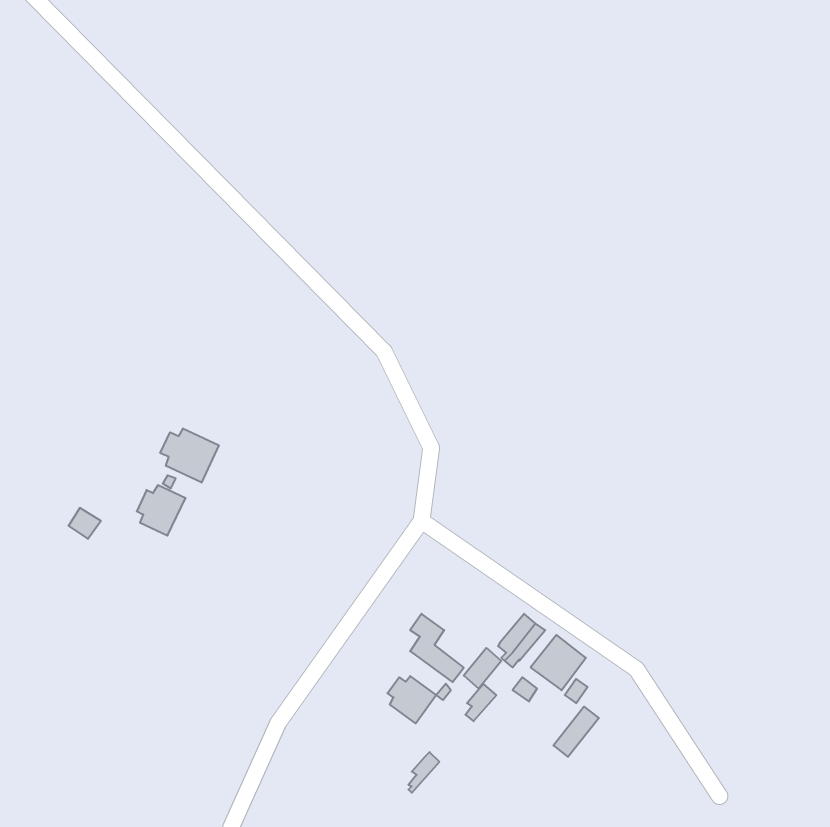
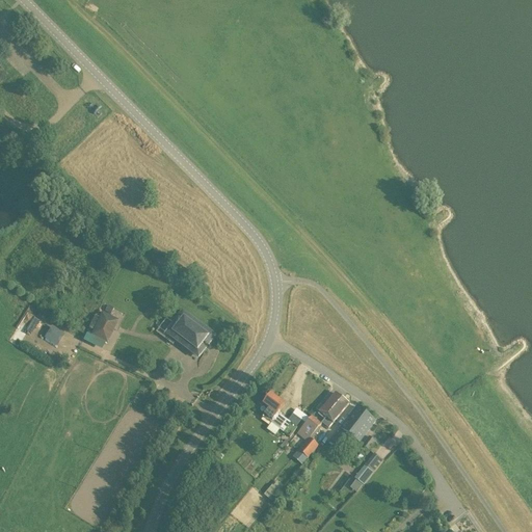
building: [160,428,219,483] -> none
building: none -> [169,315,211,352]
building: [387,676,436,723] -> none

